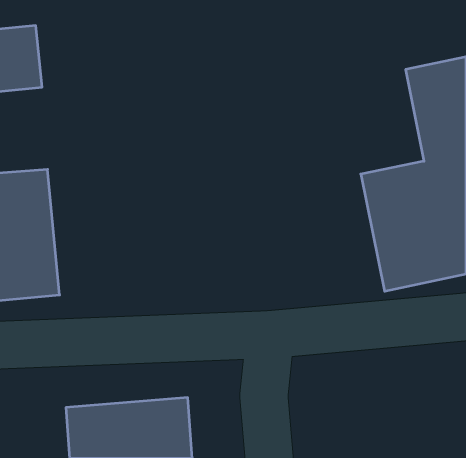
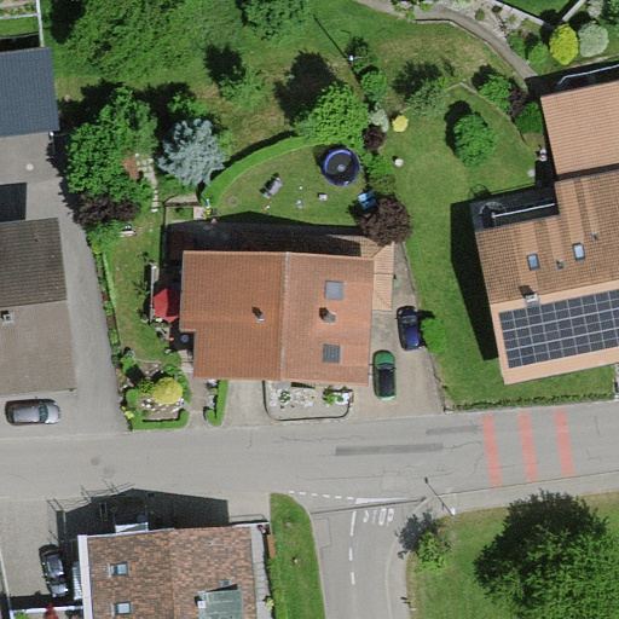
building: none -> [184,230,388,387]

